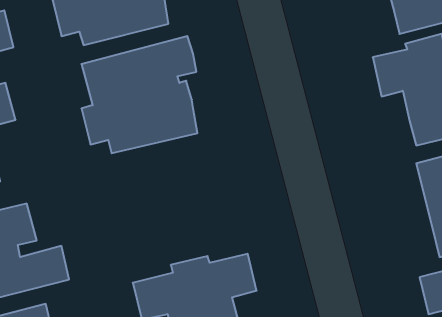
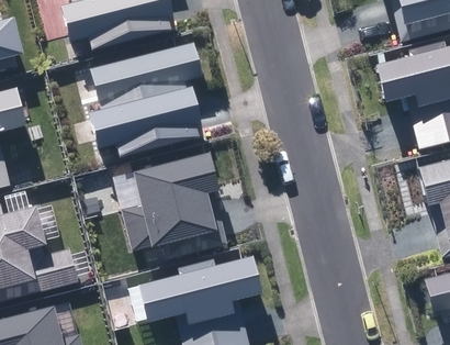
building: none -> [122,152,227,258]

